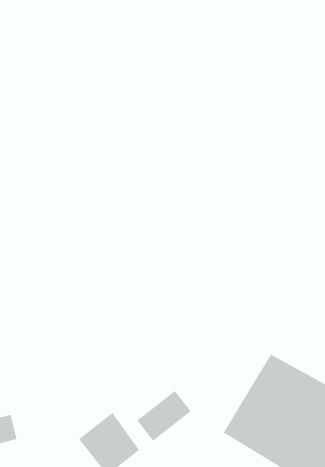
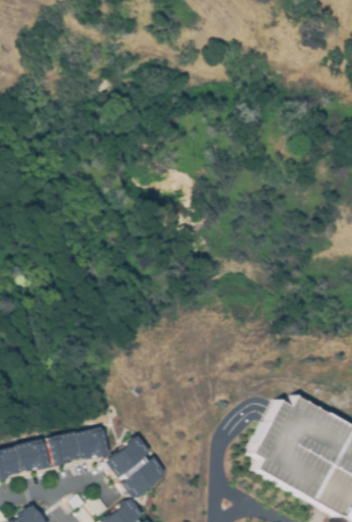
building: [136,390,191,441] -> none
building: none -> [51,427,107,465]

